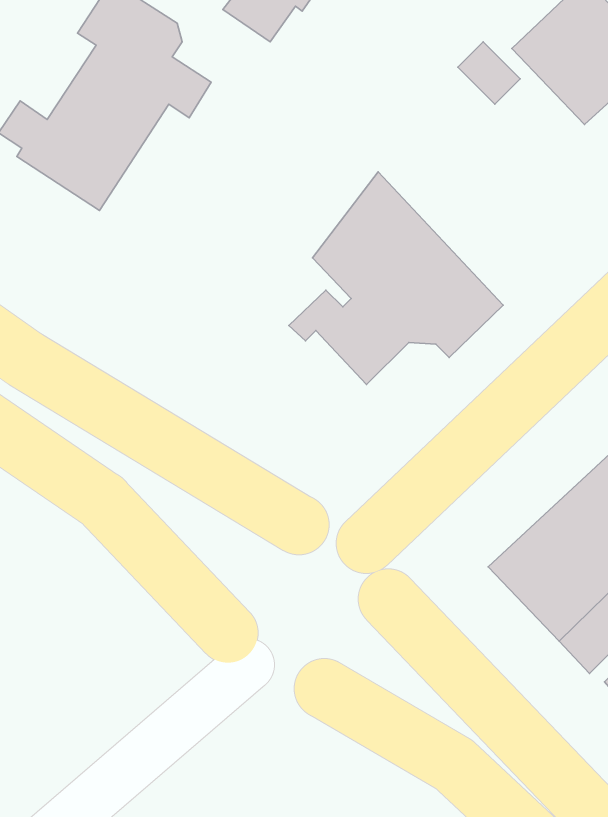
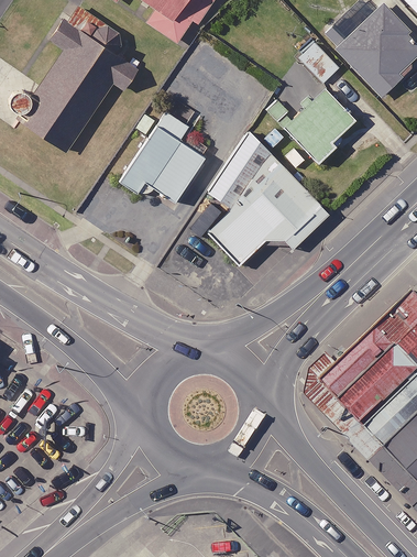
building: none -> [265,73,355,163]
building: none -> [120,99,207,203]

